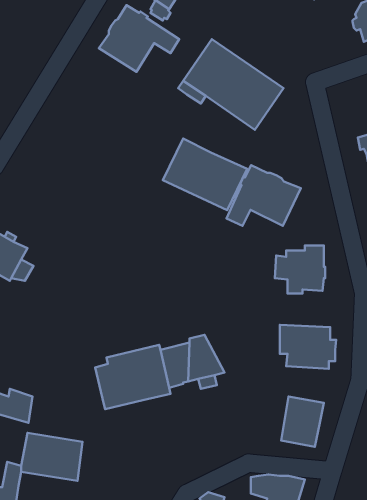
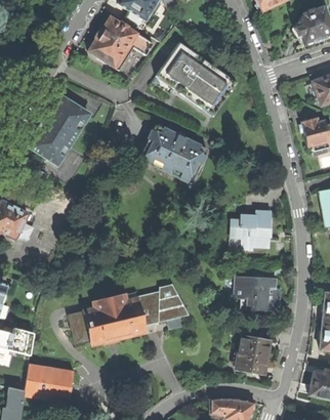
building: none -> [28,94,89,163]
building: [227,165,301,226] -> none
building: none -> [68,310,91,344]

